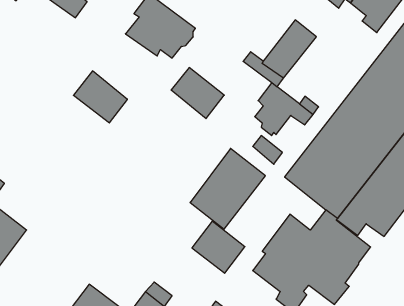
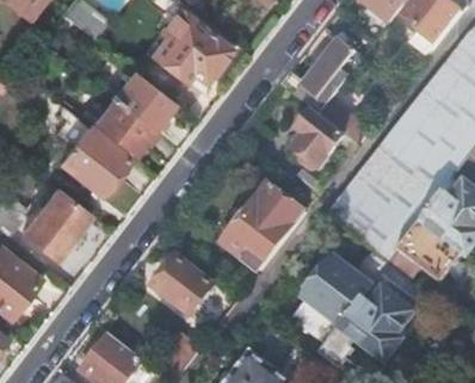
building: [171,68,224,119] -> [111,69,171,126]
building: none -> [57,123,124,190]
building: none -> [23,191,85,257]
building: [192,221,245,273] -> [153,258,212,316]

